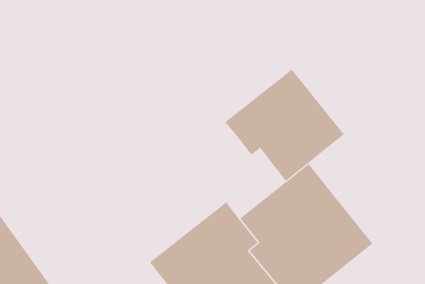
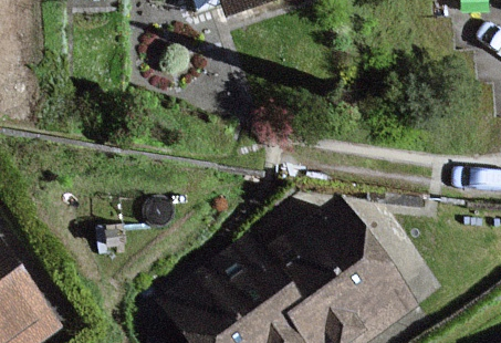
building: [224,69,344,182] -> none

